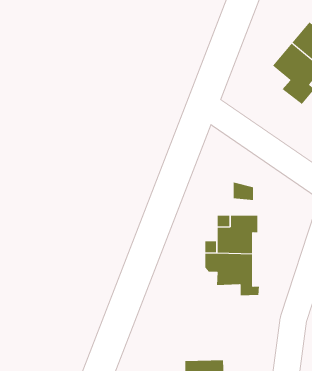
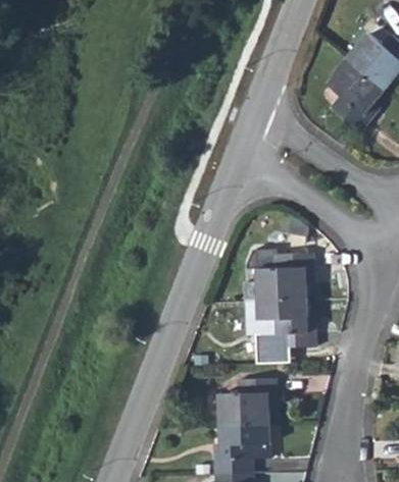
building: none -> [225,382,279,429]

